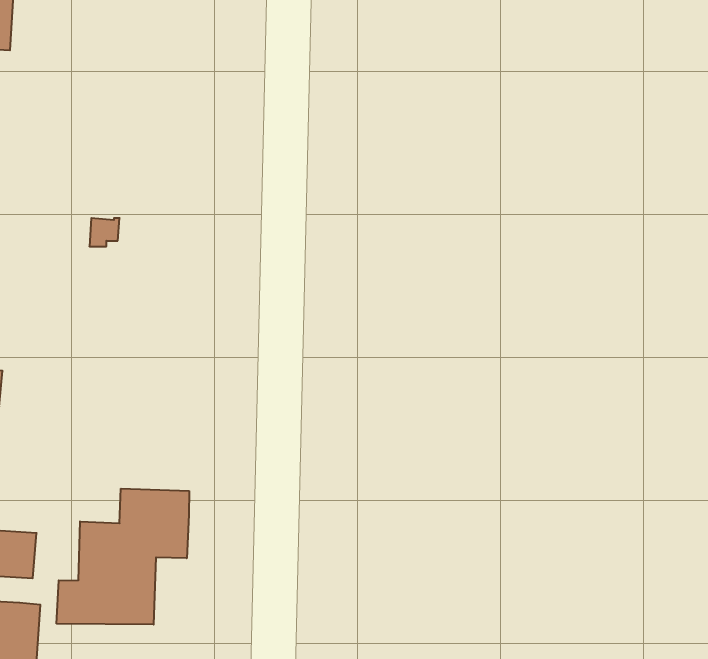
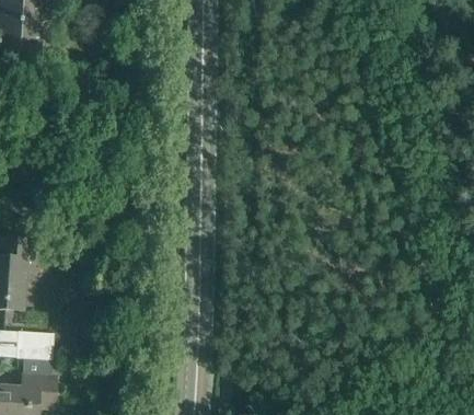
building: [57,489,189,625] -> none

